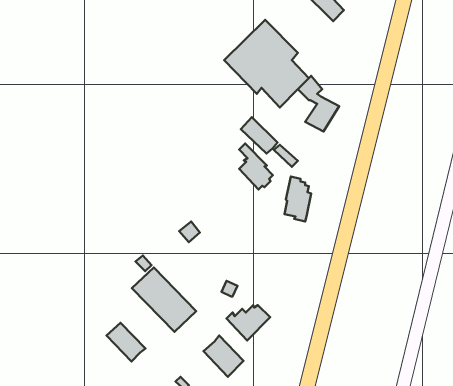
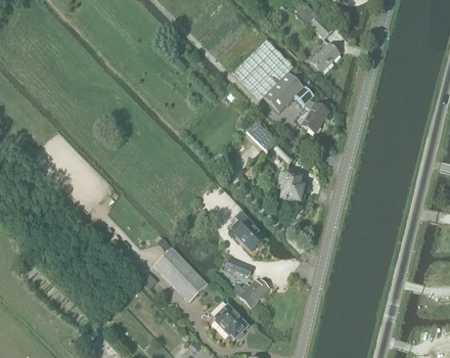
building: none -> [310,42,340,73]
building: [239,143,273,190] -> [235,211,264,250]
building: [106,323,146,361] -> none

